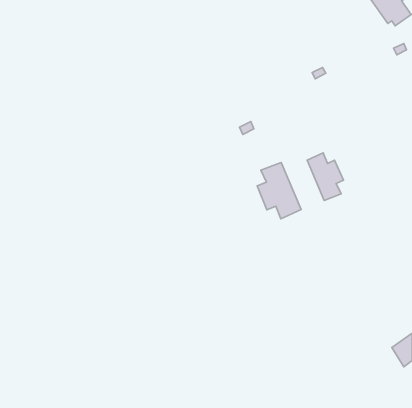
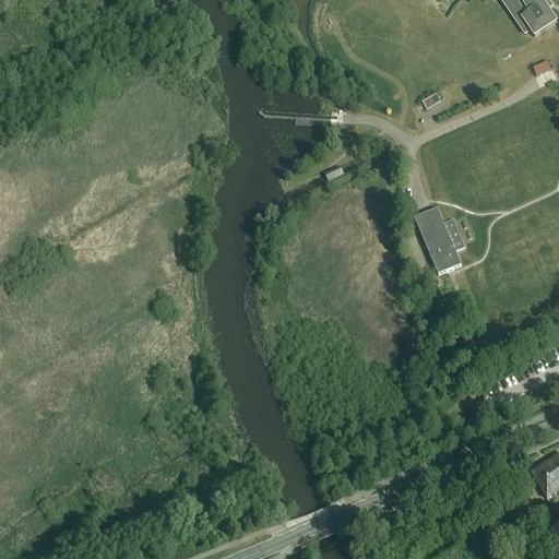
building: [257,162,301,219] -> none

